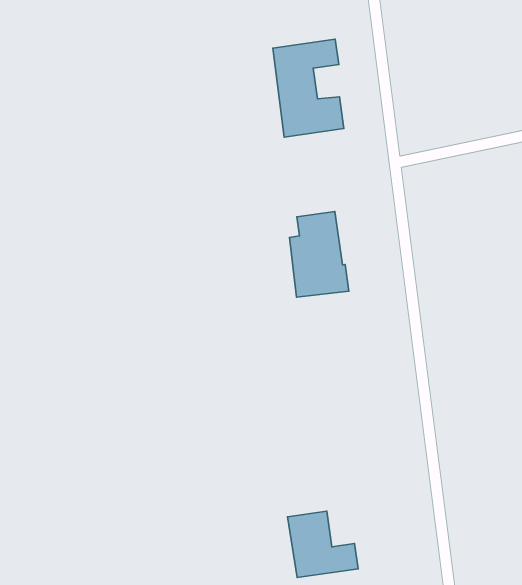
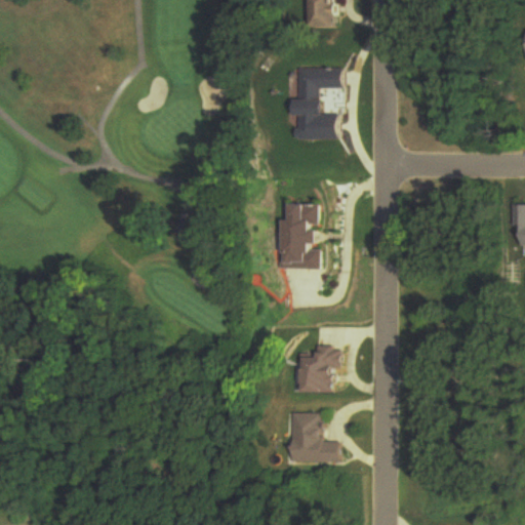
building: none -> [297,347,334,391]
building: [287,511,358,578] -> [287,412,337,461]

